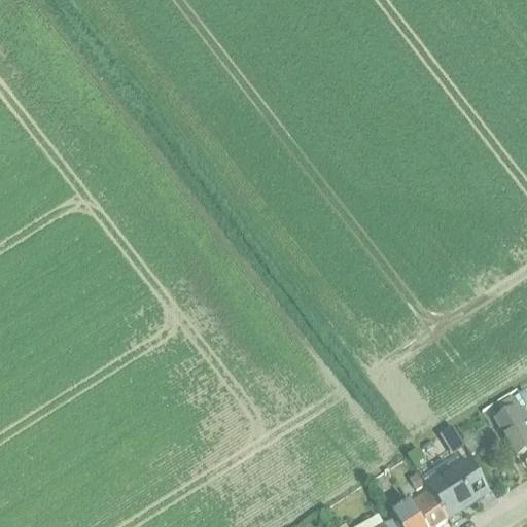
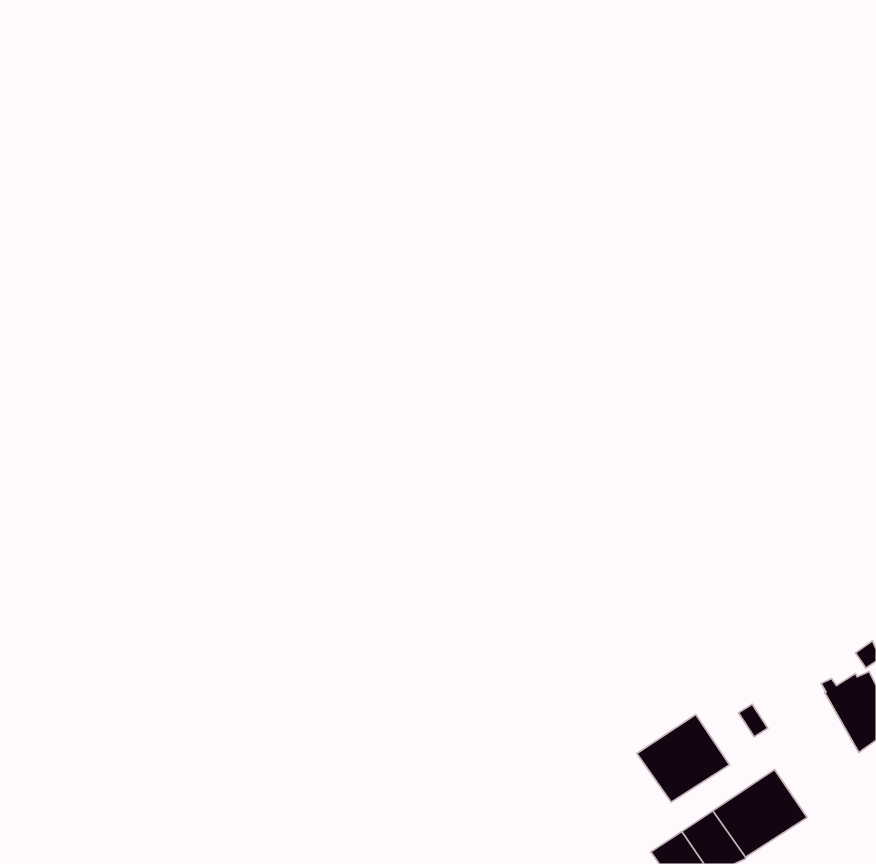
building: none -> [637,715,729,802]

